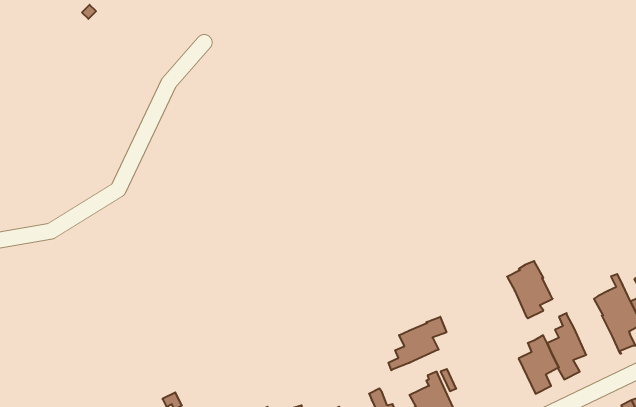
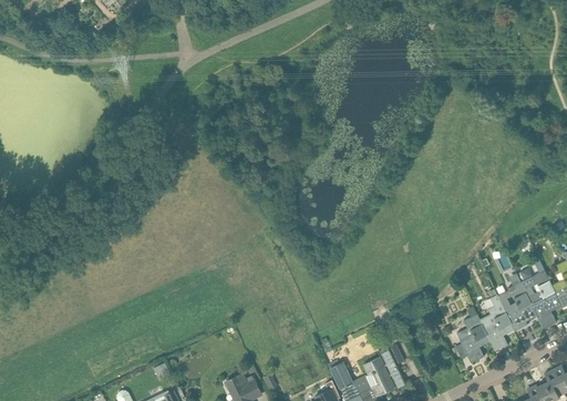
building: [507,261,553,318] -> [497,282,536,331]
building: [388,317,446,370] -> none

